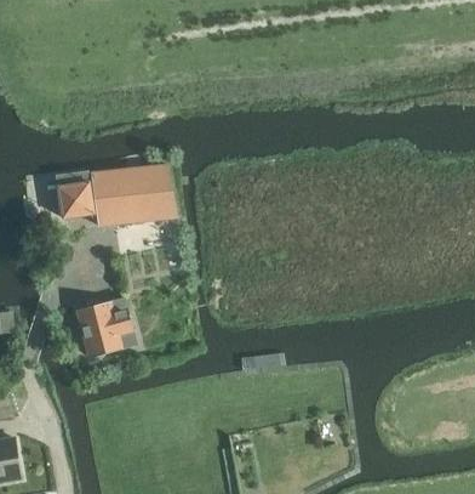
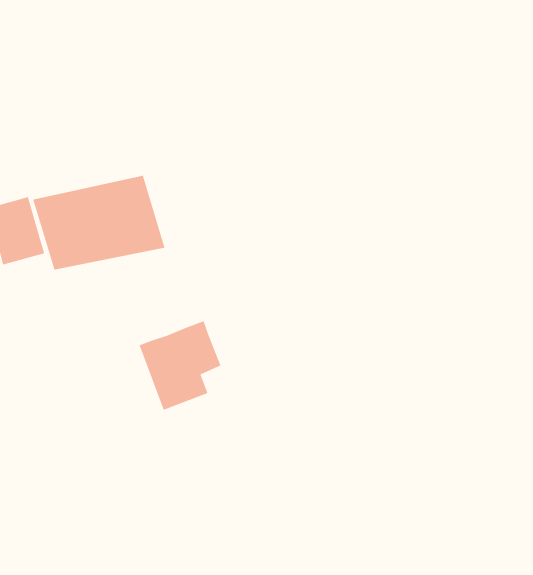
building: [75,296,131,356] -> [138,320,221,411]

